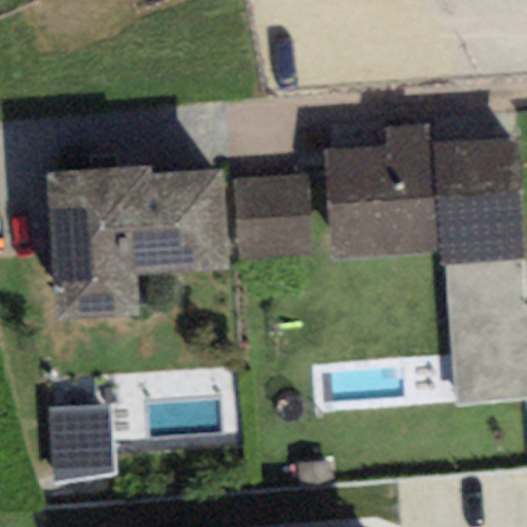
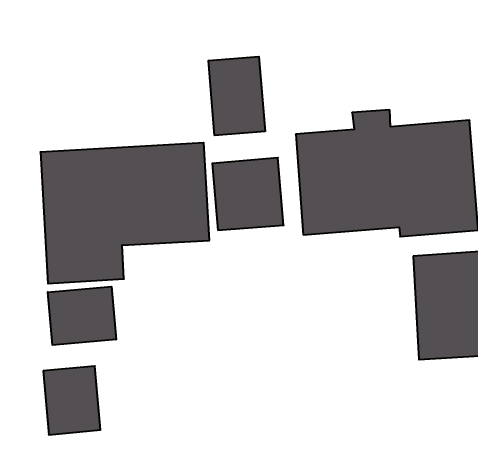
building: none -> [208,57,265,135]
building: none -> [48,287,116,345]

